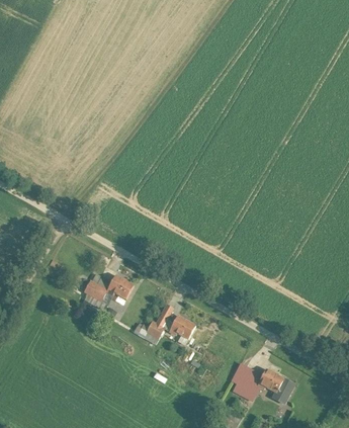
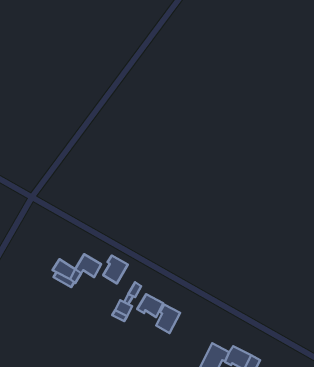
building: none -> [103,255,128,283]
building: none -> [156,305,180,333]

